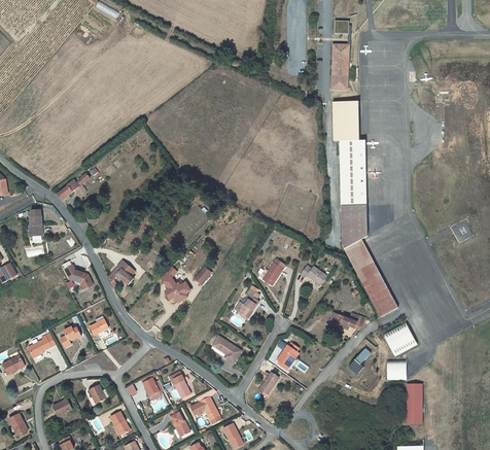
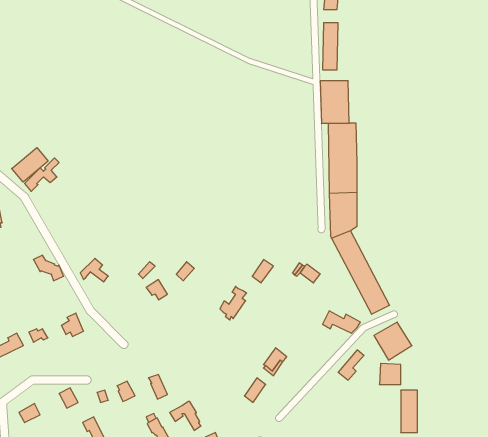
building: none -> [12,148,48,182]
building: [212,336,243,365] -> none

